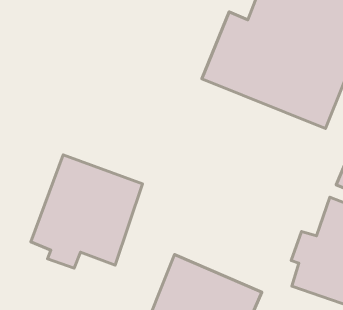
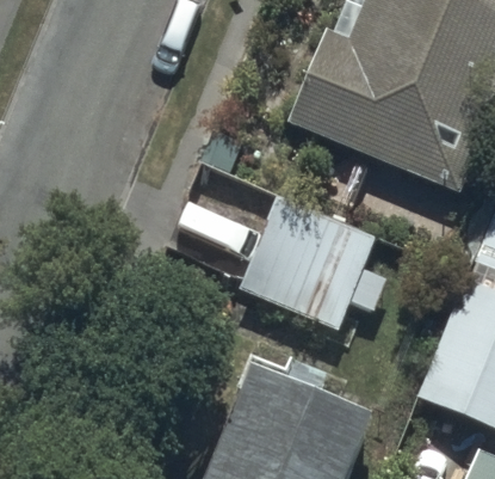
building: none -> [240,194,388,332]
building: [31,155,143,268] -> none

